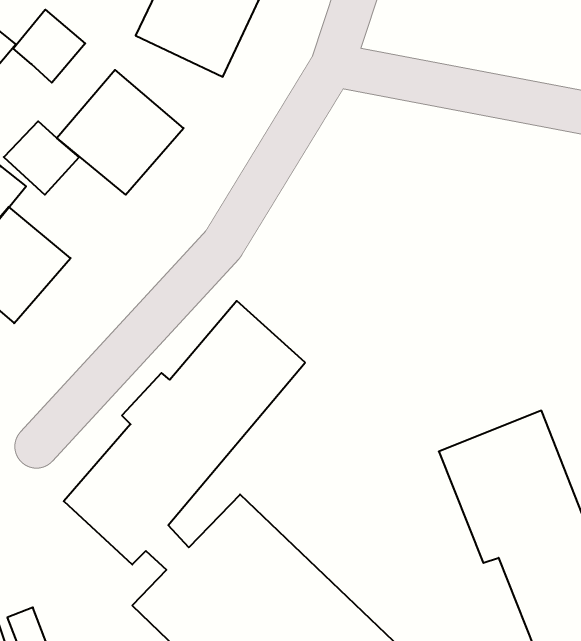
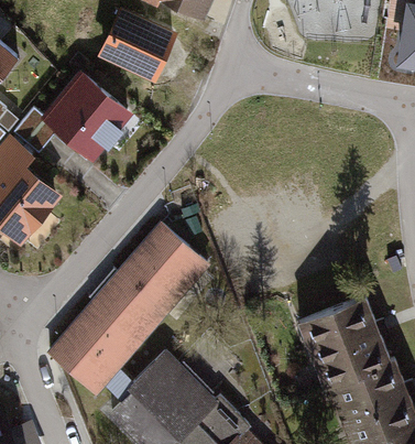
building: [13,10,85,83] -> none

